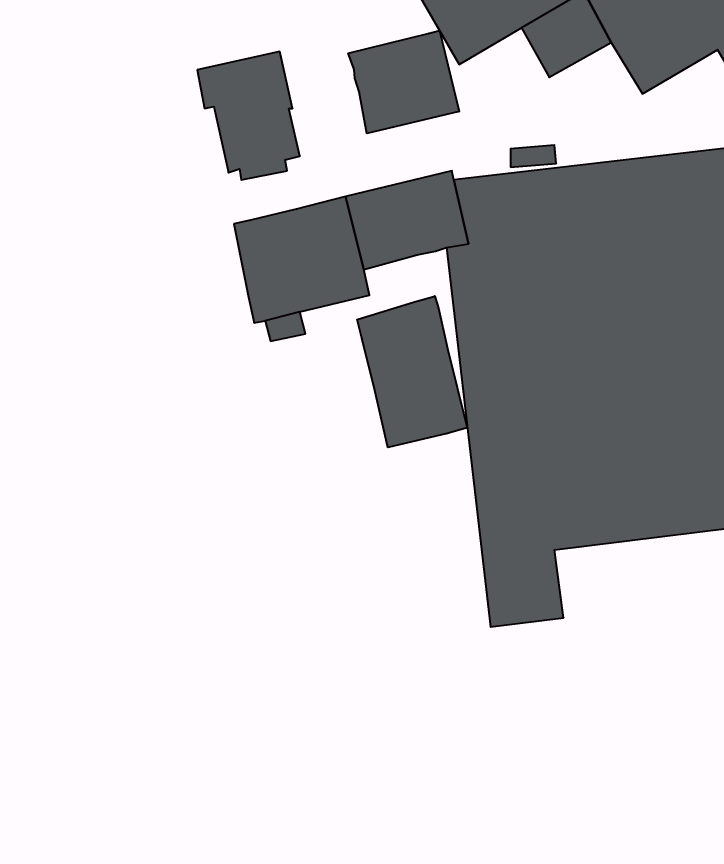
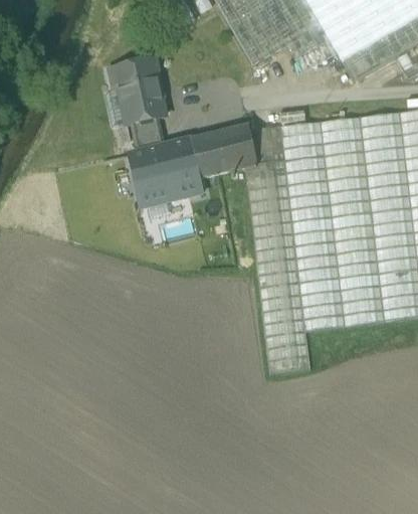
building: [348,30,459,133] -> none
building: none -> [134,123,164,150]
building: [357,296,467,447] -> none

